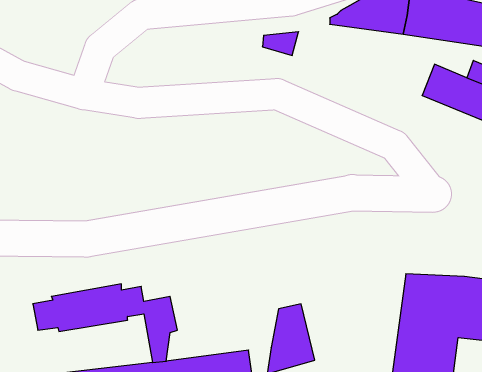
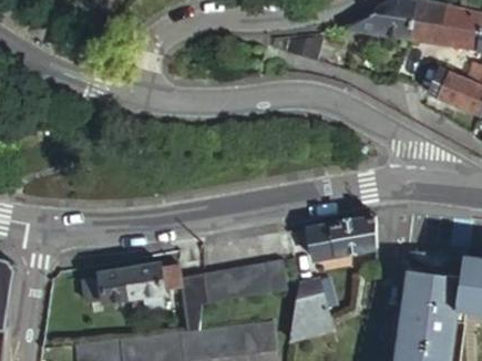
building: none -> [308,218,375,261]
building: none -> [202,260,286,303]

